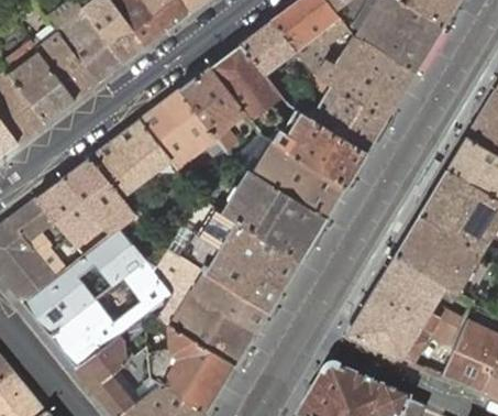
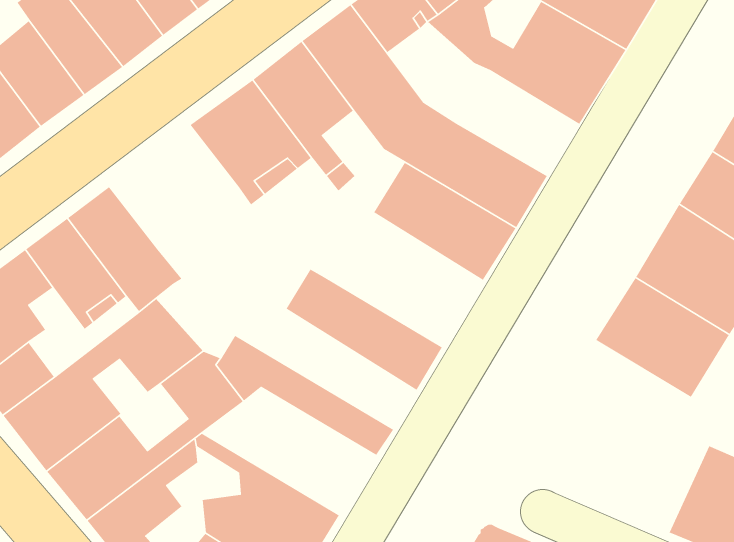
building: [309,84,386,150] -> none
building: [90,118,171,196] -> none
building: [224,169,325,258] -> none
building: [157,220,284,309] -> none
building: [347,253,460,361] -> none
building: [148,283,258,363] -> none

